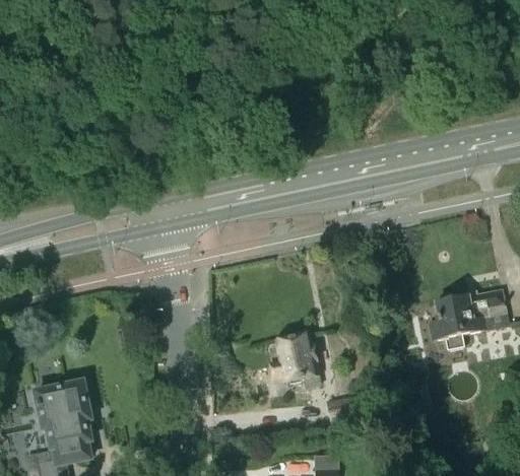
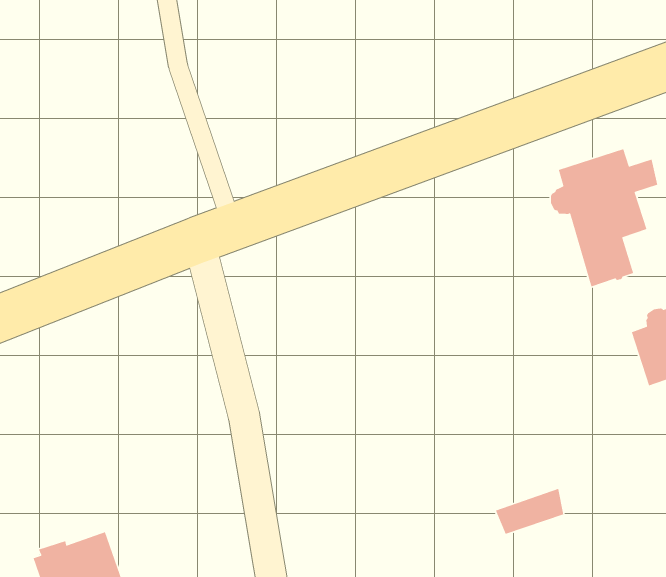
building: none -> [550,148,658,288]
building: [272,334,321,388] -> none

